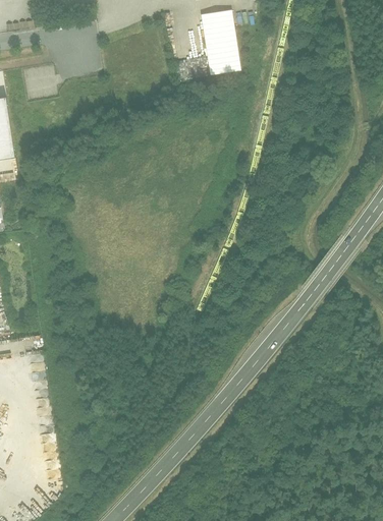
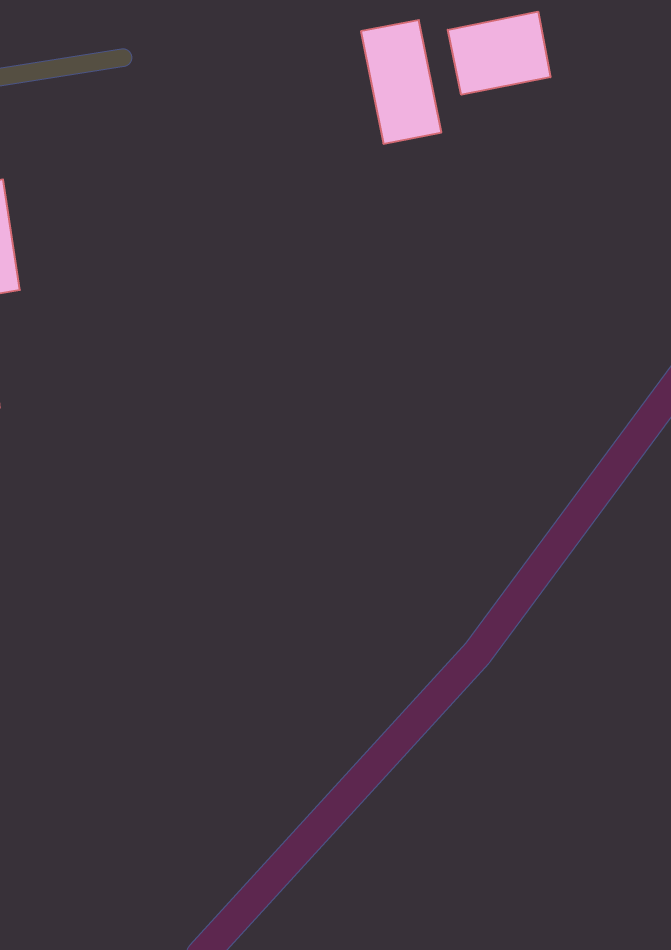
building: none -> [448,12,550,95]

